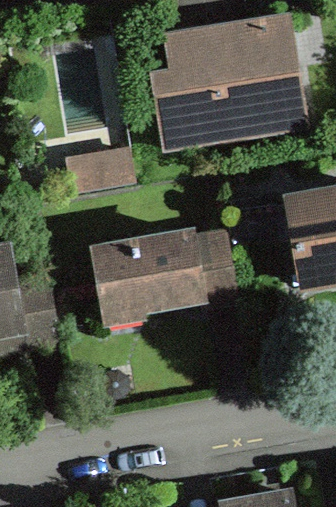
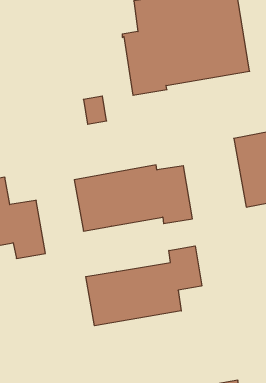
building: none -> [86,246,202,326]

